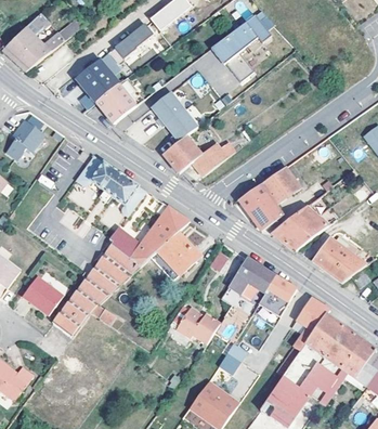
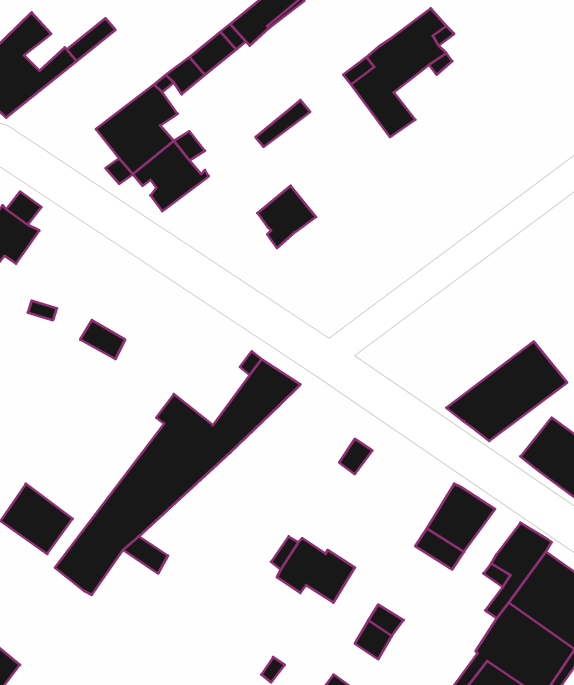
building: [151,92,183,127] -> none
building: [162,135,226,175] -> none
building: [76,155,145,216] -> none
building: [237,168,298,231] -> none
building: [149,232,198,281] -> none
building: [229,257,274,298] -> none

